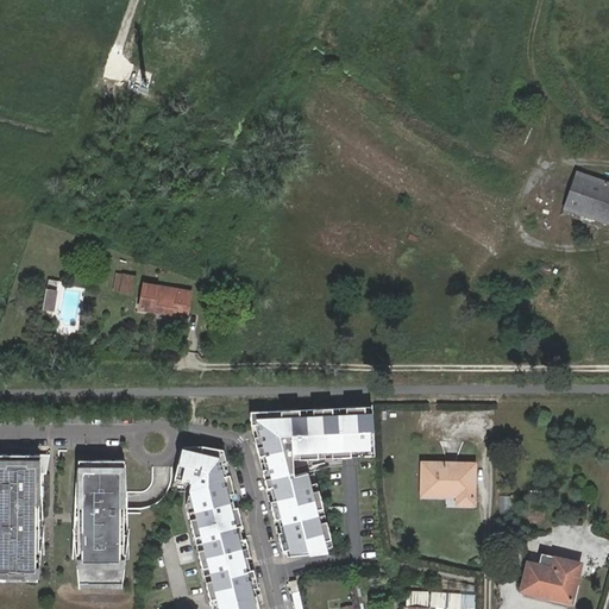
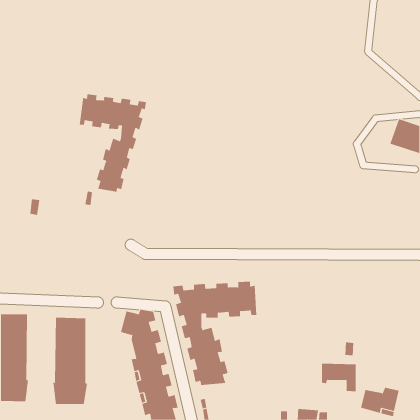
building: none -> [79,94,147,193]
building: [146,284,192,316] -> none
building: [421,463,472,504] -> [321,363,356,392]

